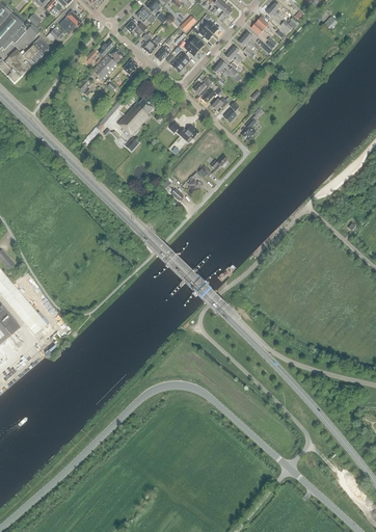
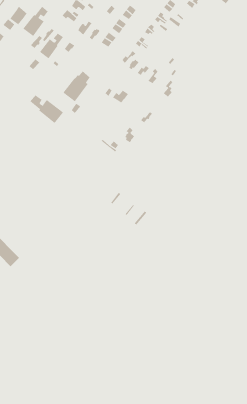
building: none -> [23,6,48,37]
building: none -> [29,94,64,124]

